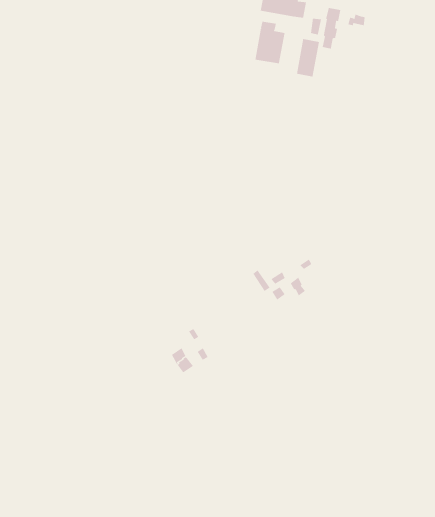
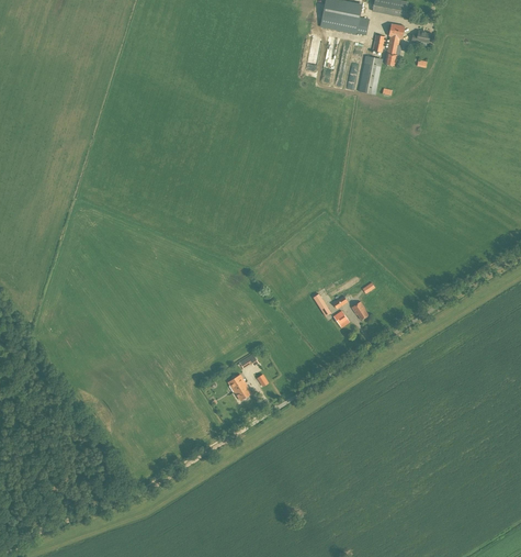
building: [255,21,285,64] -> none

